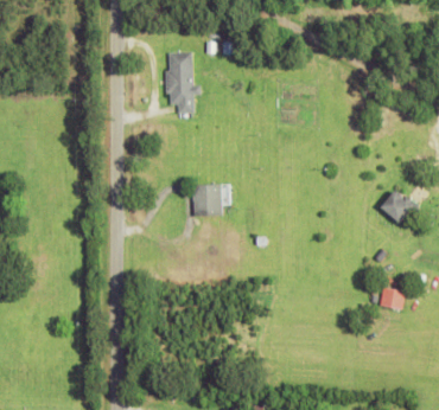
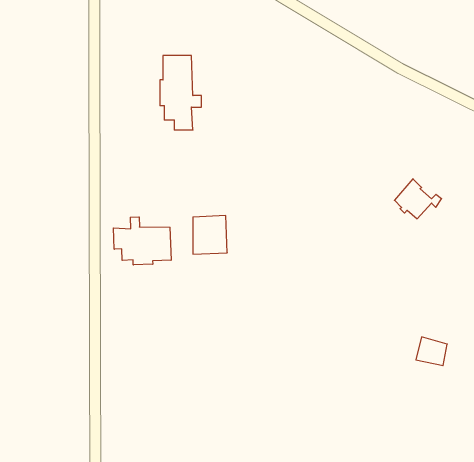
building: none -> [113,217,171,265]
building: [381,191,420,224] -> [394,179,442,219]

